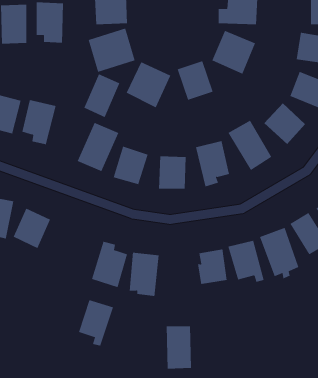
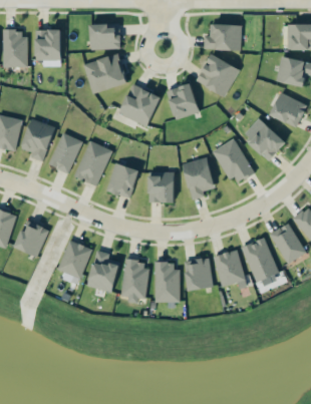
building: [83,73,120,118] -> [48,132,82,173]
building: [78,300,114,346] -> [58,241,91,284]
building: [166,326,192,369] -> [154,263,179,303]

